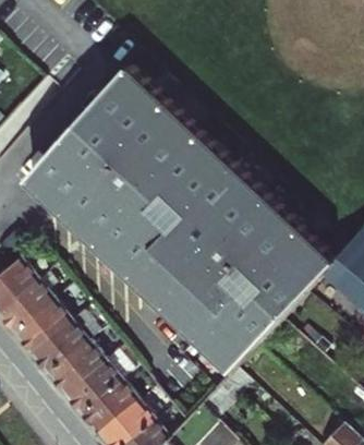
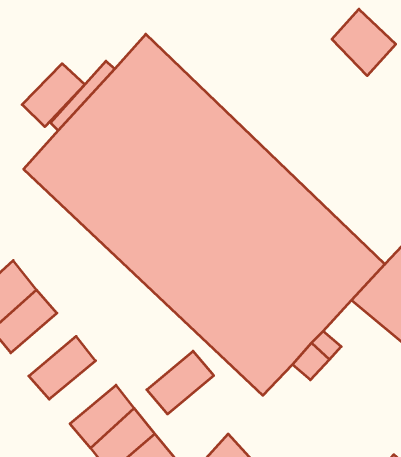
building: none -> [332,9,396,76]
building: none -> [22,64,85,127]
building: [17,302,73,356] -> none
building: [50,342,107,396] -> [147,351,214,414]

